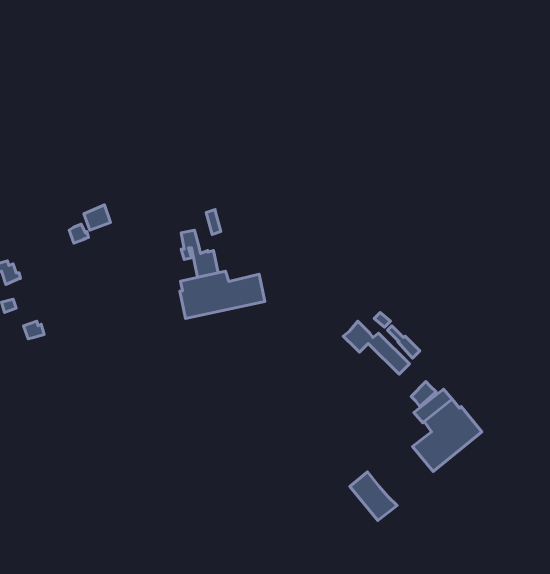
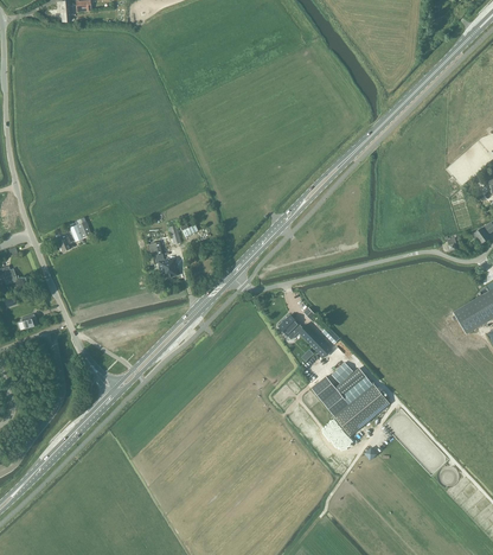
building: [180,271,265,318] -> none
building: [350,472,397,520] -> [312,376,350,415]

